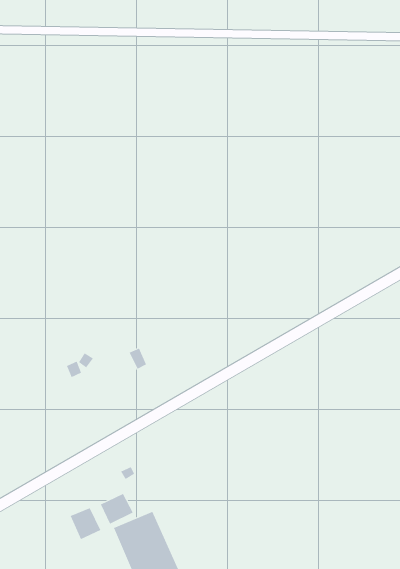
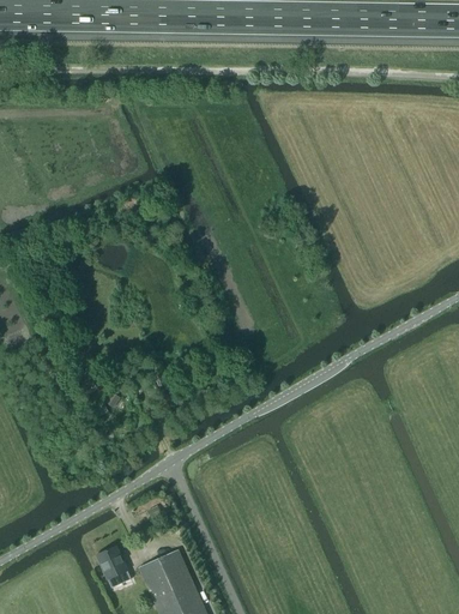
building: [100,493,133,524] -> none

